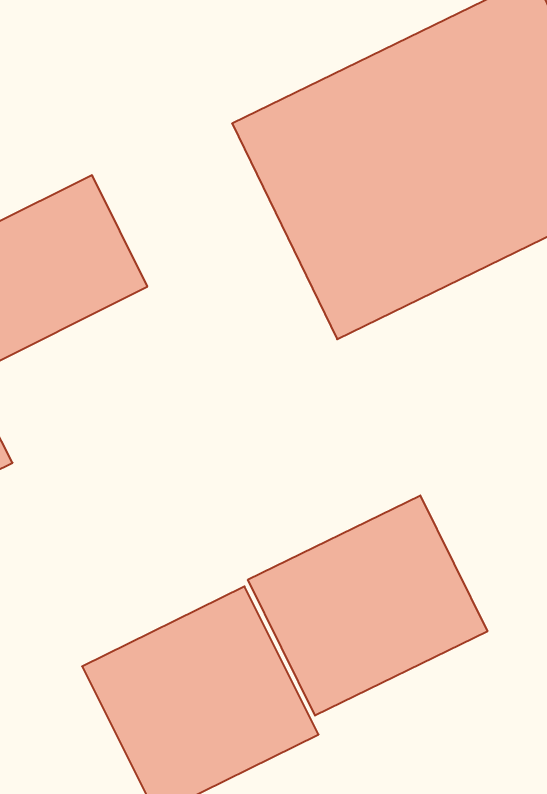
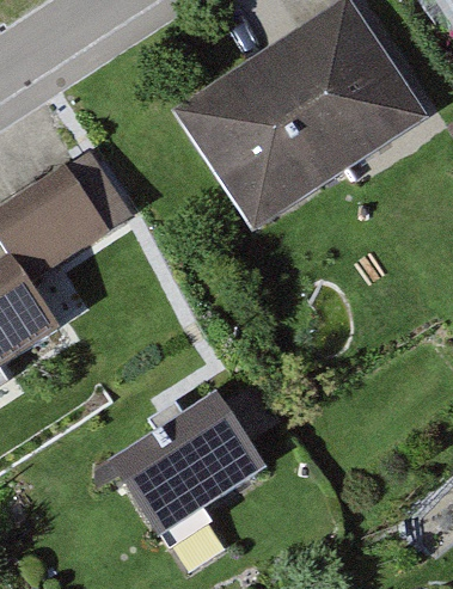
building: [248,495,487,716] -> none

